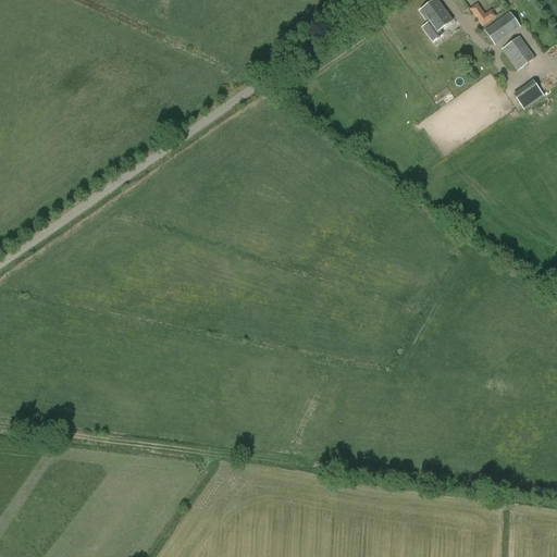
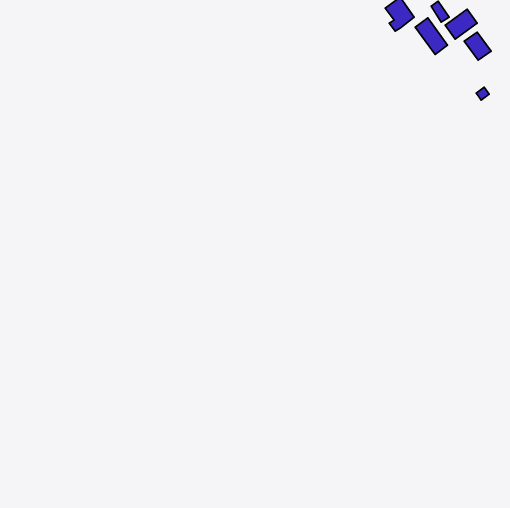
building: none -> [415,18,448,54]

